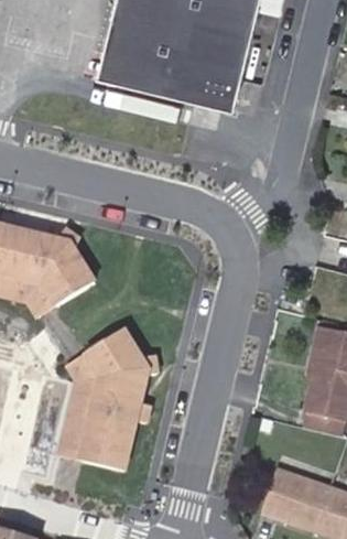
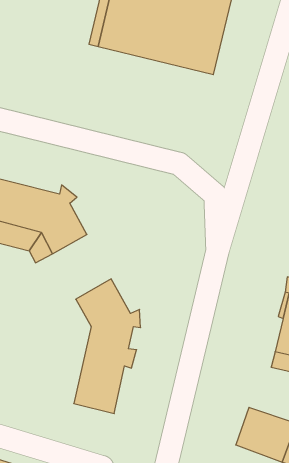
building: [63,354,101,467] -> none

